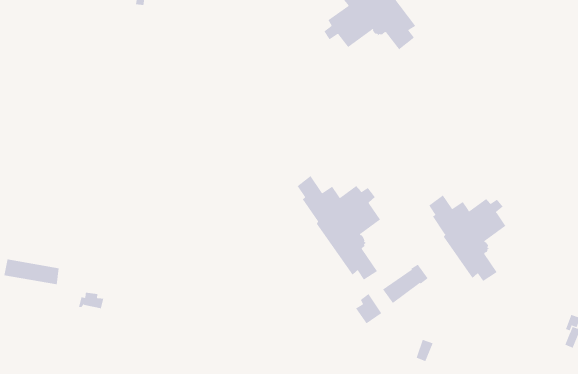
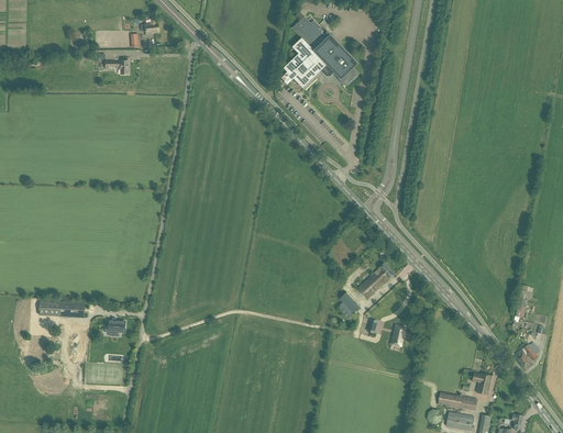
building: [297,175,381,280] -> none
building: [428,194,506,282] -> none

